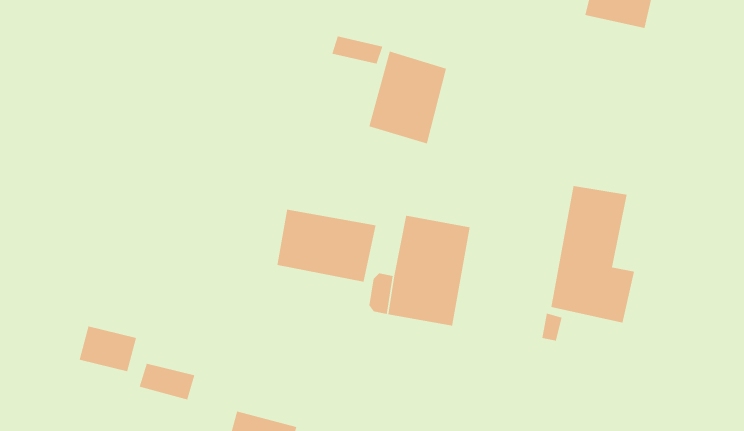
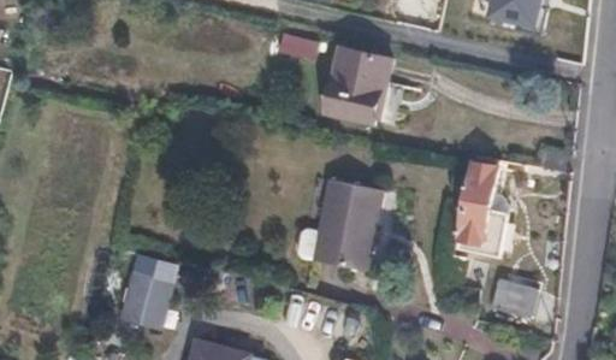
building: [277,209,376,282] -> none
building: [79,326,137,372] -> [125,272,172,309]
building: none -> [494,277,538,315]

